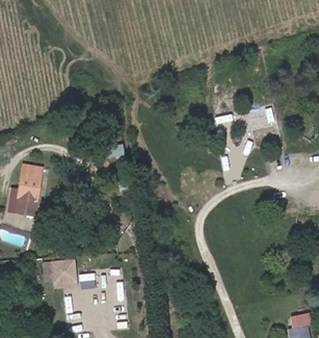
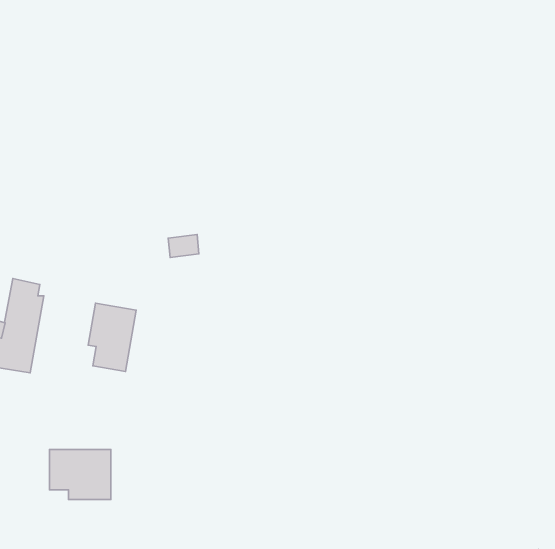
building: none -> [88,303,136,372]

